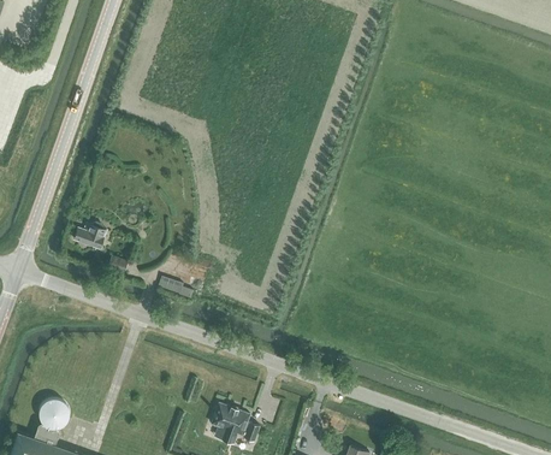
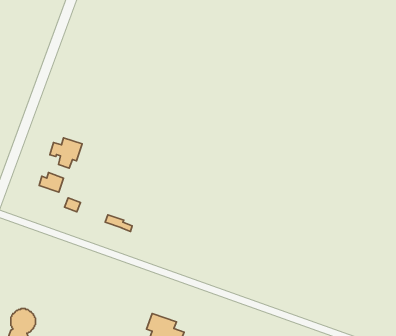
building: none -> [50,138,82,168]

